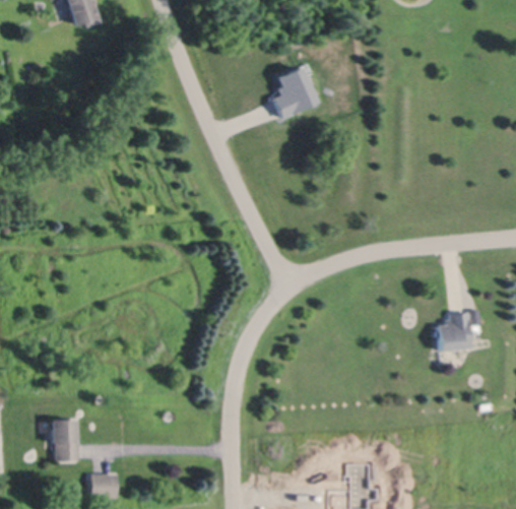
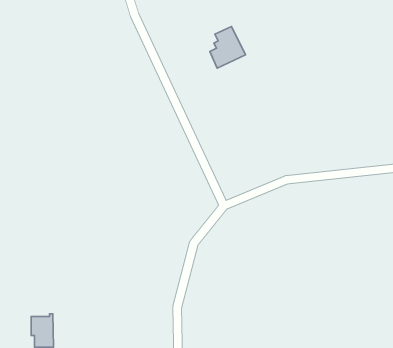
building: [438,313,470,353] -> none

